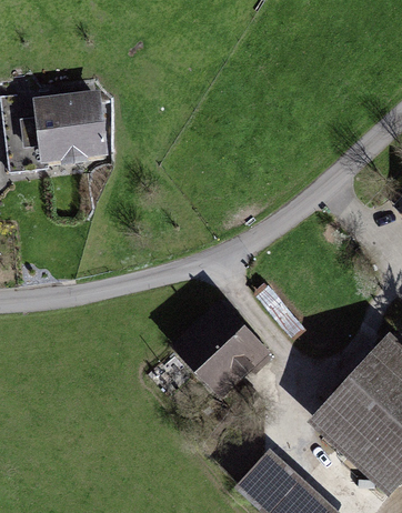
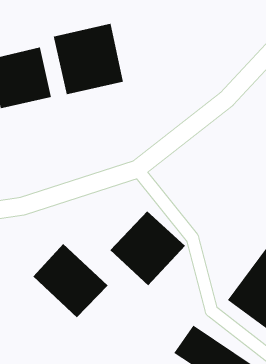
building: none -> [53,23,124,95]
building: none -> [32,243,108,318]

